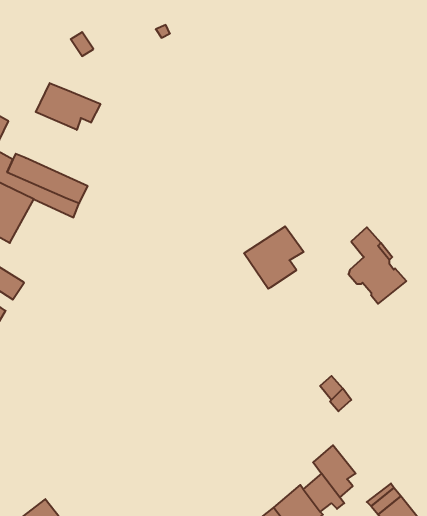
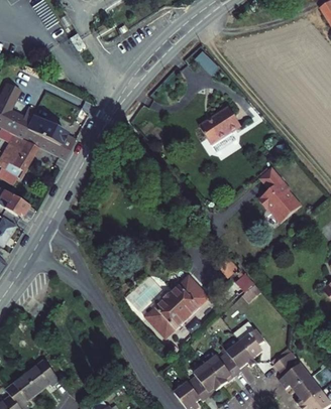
building: [36,83,100,130] -> none
building: [244,226,304,289] -> [200,107,242,151]
building: none -> [144,274,210,337]

